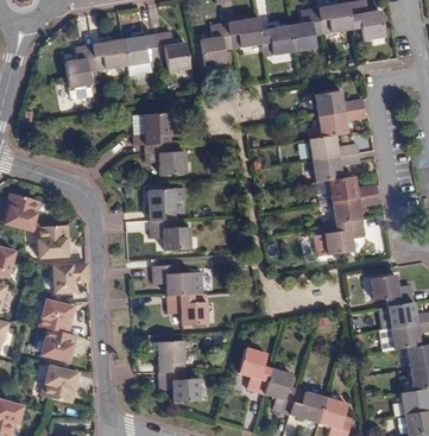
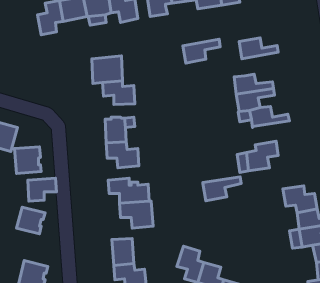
building: [321,107,367,137] -> [183,39,220,63]
building: [334,192,381,222] -> [203,177,241,201]
building: [42,328,77,361] -> none

